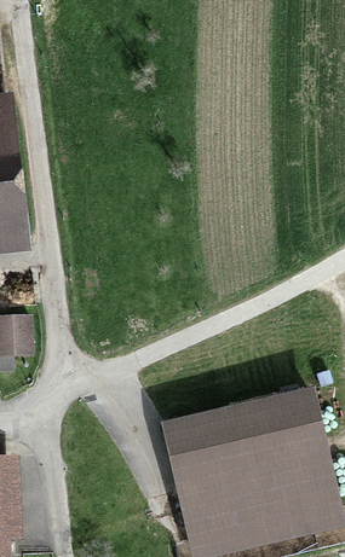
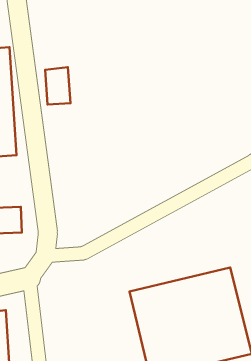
building: none -> [45,67,70,105]

